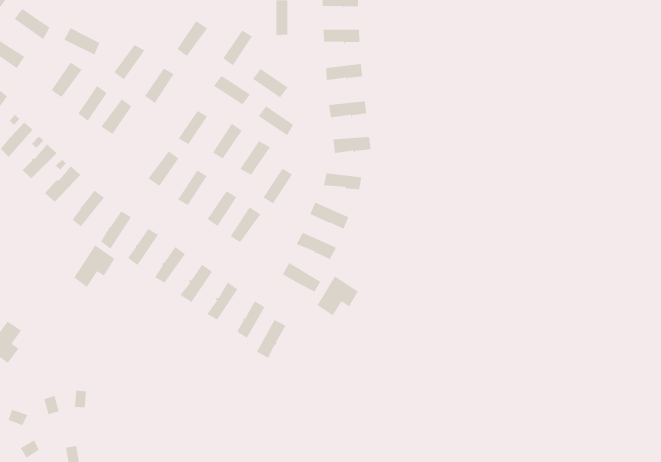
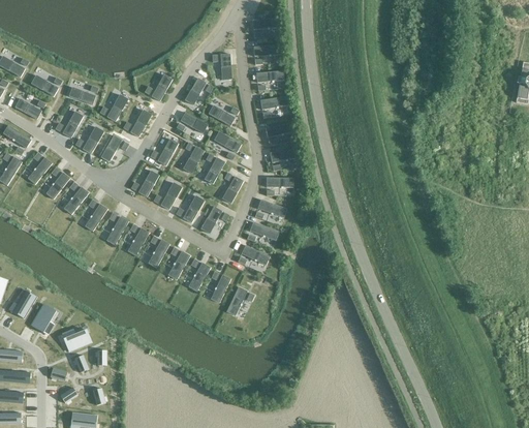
building: [74,244,115,288] -> none
building: [317,276,358,316] -> none
building: none -> [59,328,89,350]

